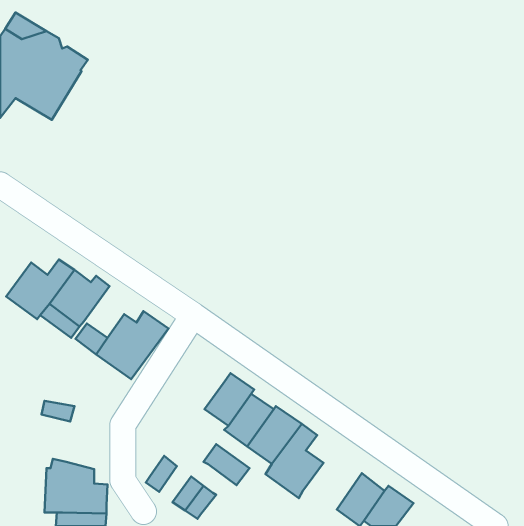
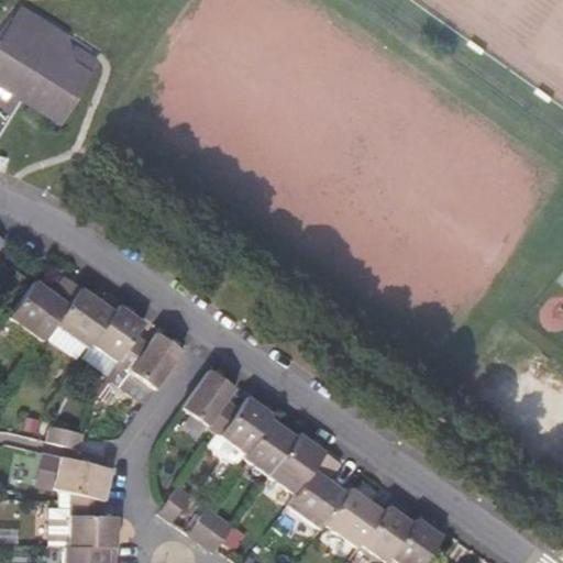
building: none -> [93,305,145,360]
building: none -> [184,369,242,435]
building: none -> [54,455,112,499]
building: [204,444,249,485] -> none
building: none -> [327,488,389,547]

